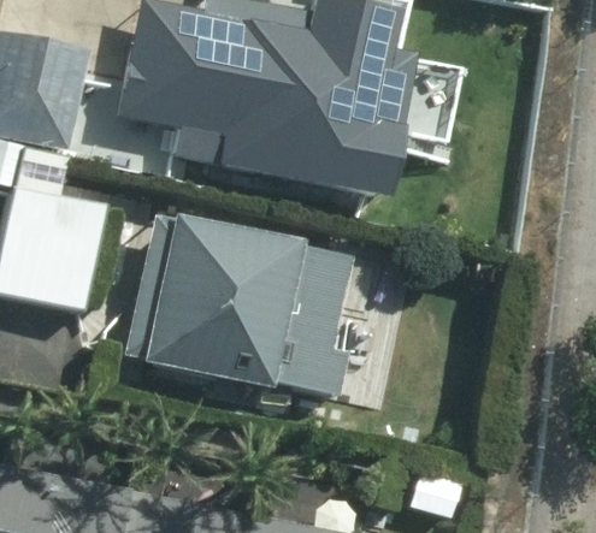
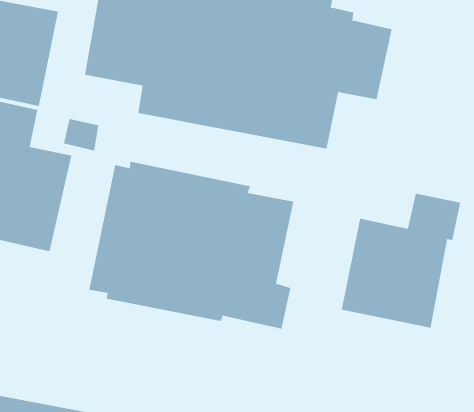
building: none -> [341,193,461,328]

